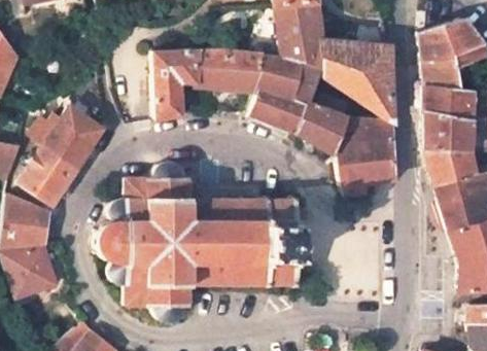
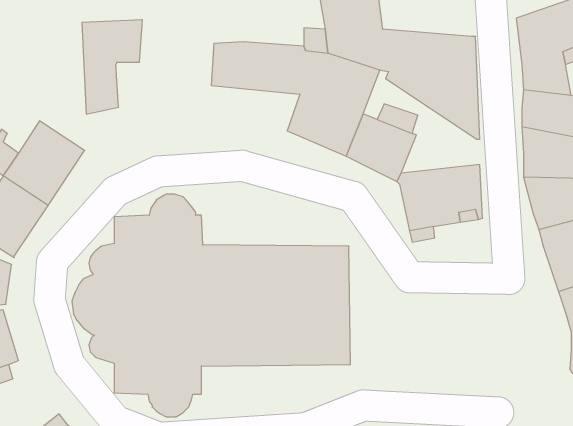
building: [153,51,198,120] -> [82,20,142,114]
building: [335,118,392,146] -> none

